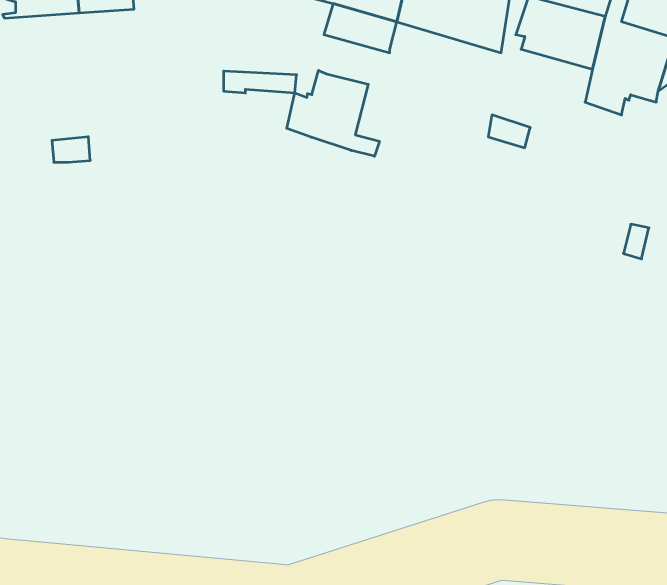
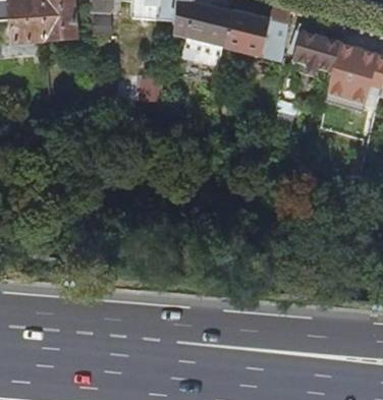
building: [287,70,379,156] -> none

